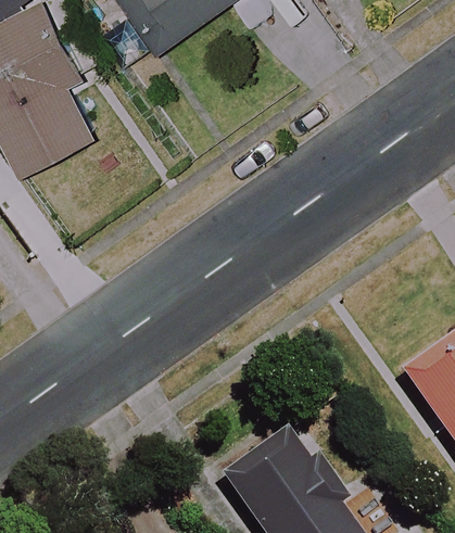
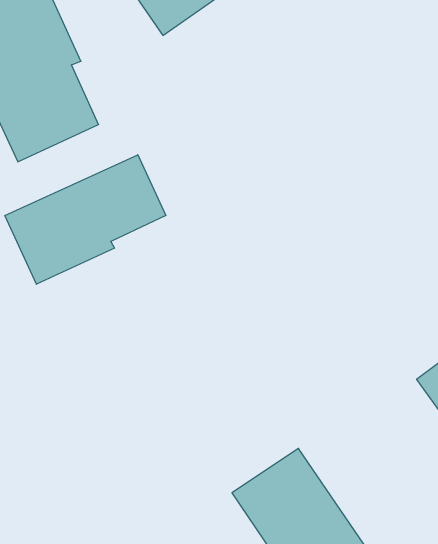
building: none -> [5,155,166,284]

